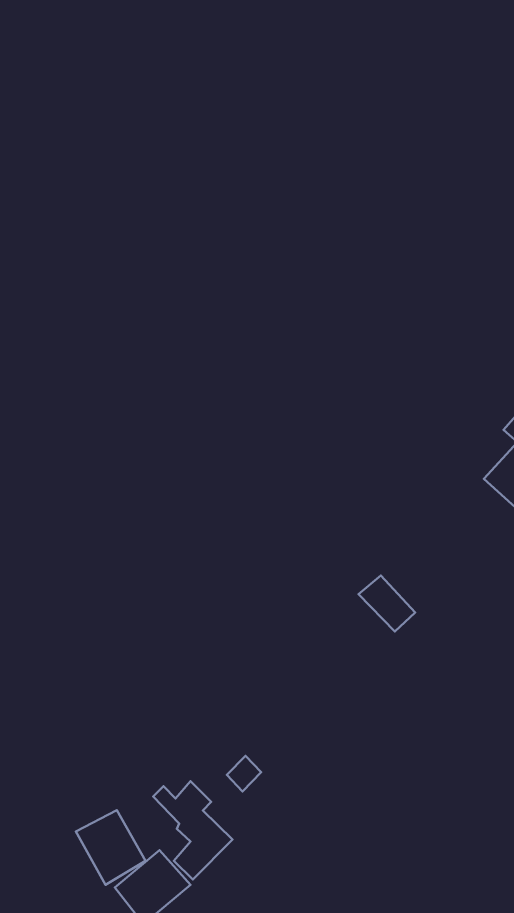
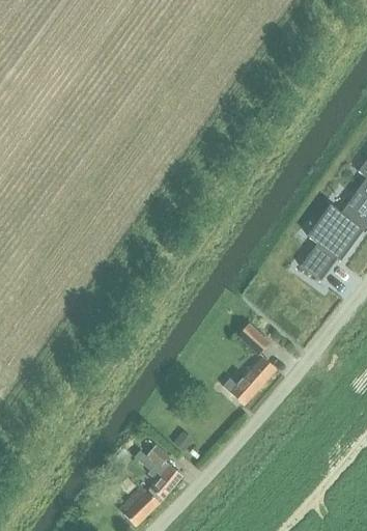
building: none -> [222,358,274,404]
building: [76,810,145,885] -> none

